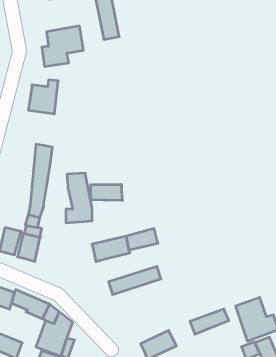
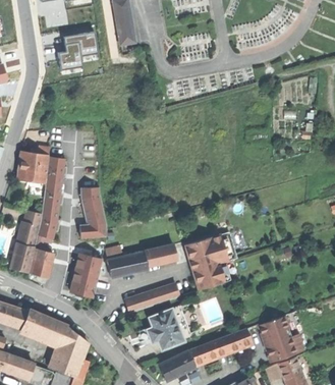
building: [28,80,58,114] -> [16,148,48,183]
building: [91,184,122,201] -> none
building: none -> [15,211,41,248]
building: none -> [184,233,235,290]
building: none -> [70,255,102,296]
building: none -> [145,306,191,351]
building: none -> [187,342,216,366]

